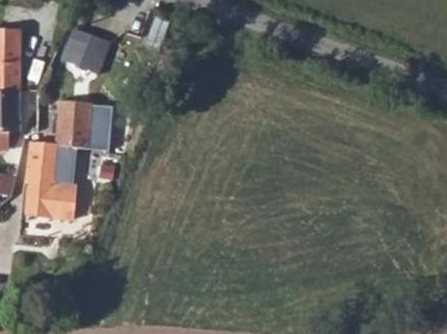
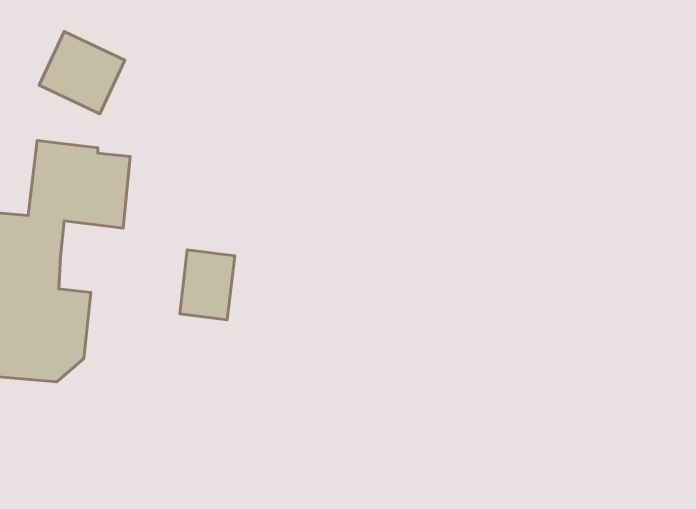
building: none -> [180,250,235,320]

